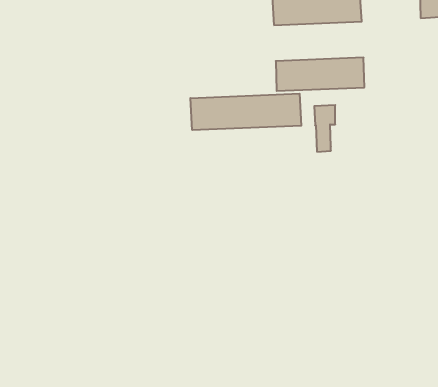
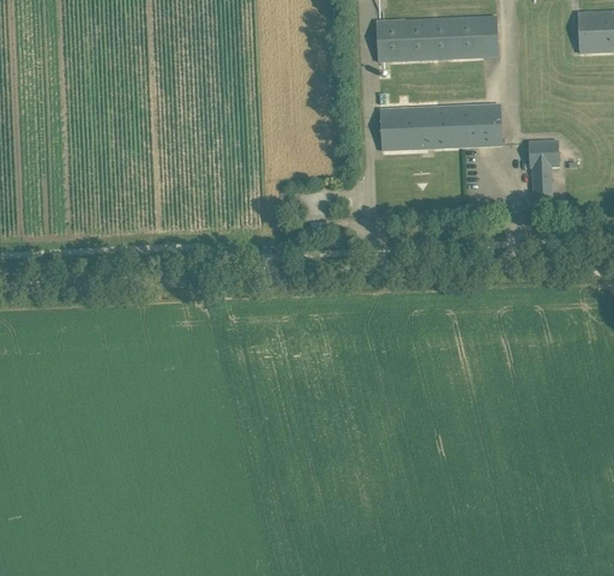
building: [190,94,301,130] -> none
building: [314,105,335,152] -> [529,137,558,200]

